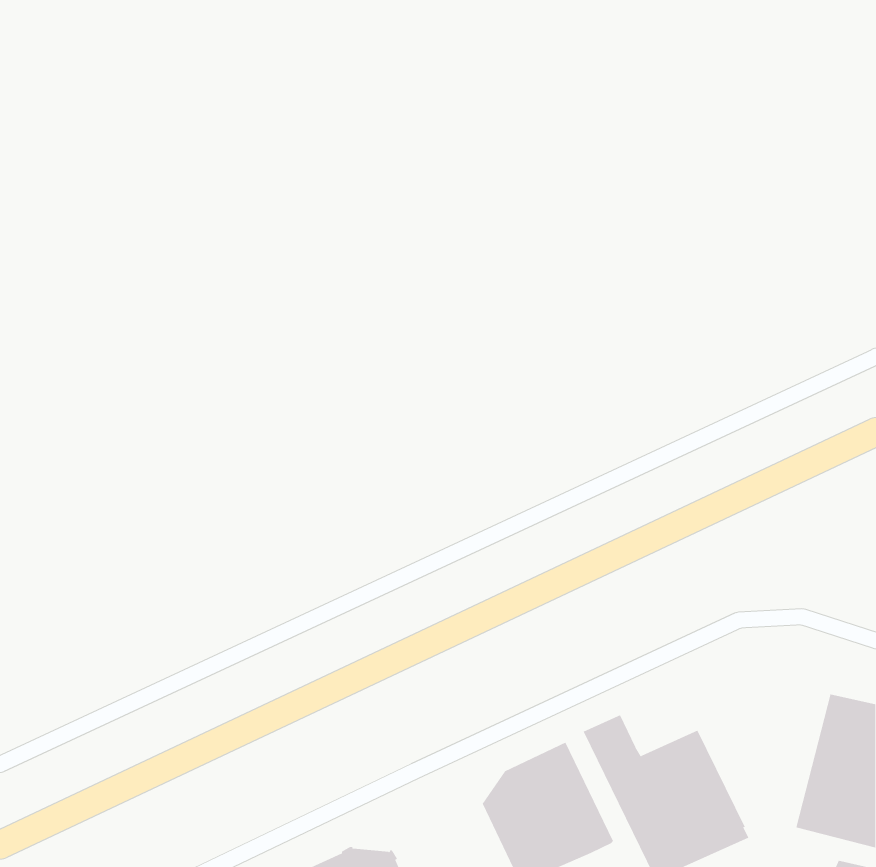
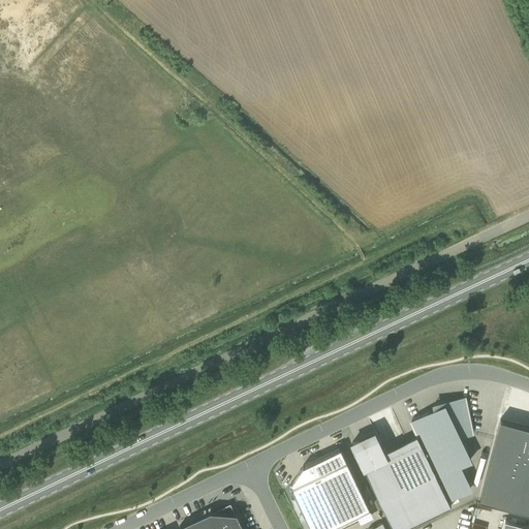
building: none -> [411,402,472,504]

